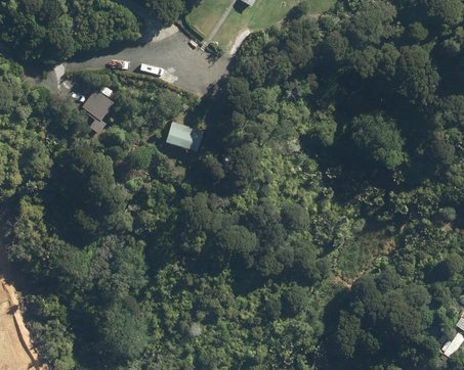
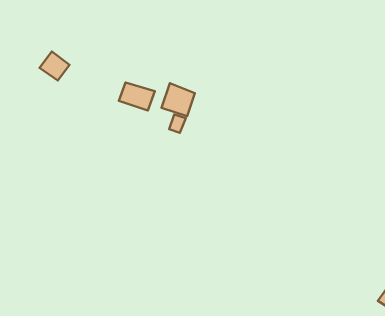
building: none -> [161,83,195,116]

